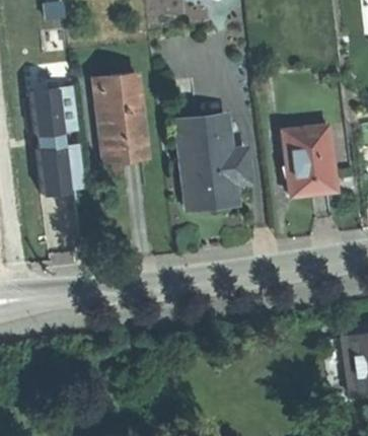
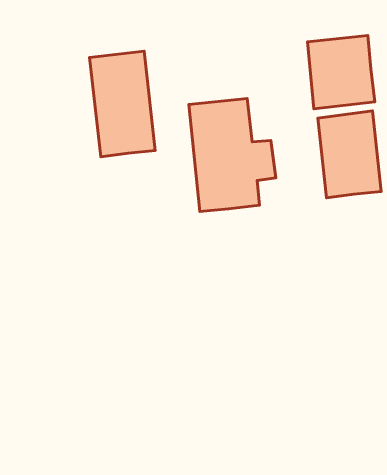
building: none -> [308,35,375,109]
building: [29,85,79,187] -> none

